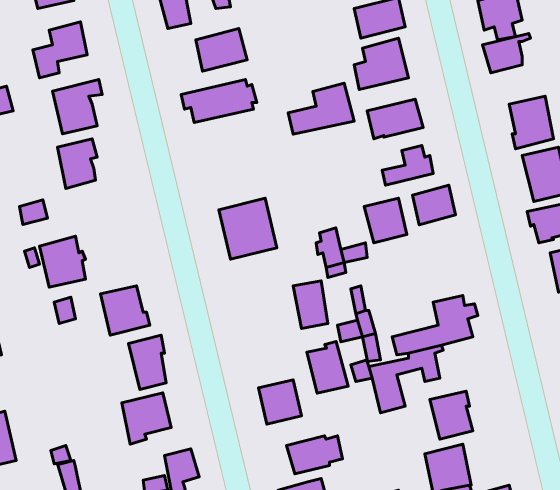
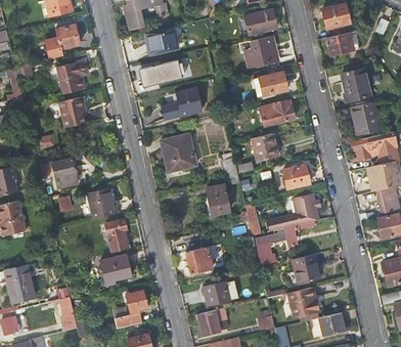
building: [288,83,354,134] -> [162,88,203,120]
building: [413,185,455,225] -> [283,164,310,188]
building: [307,341,348,393] -> none

